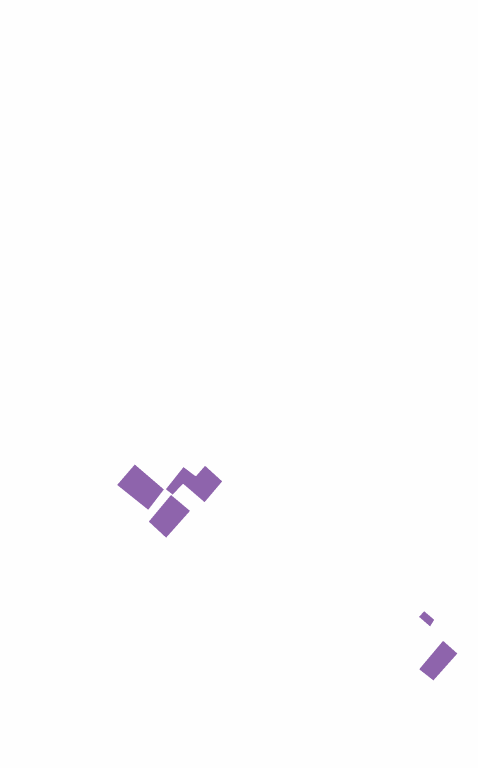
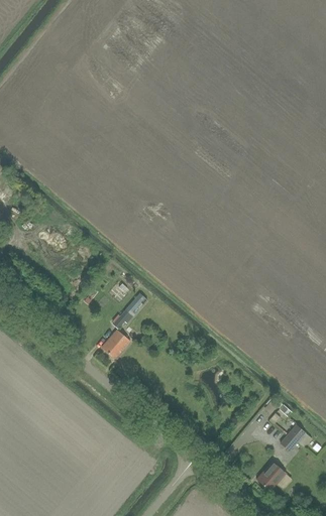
building: [116,463,165,511] -> none
building: none -> [256,462,285,490]

